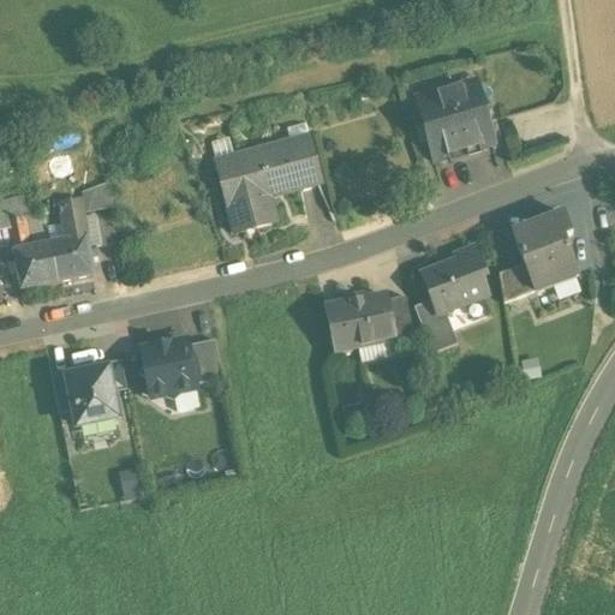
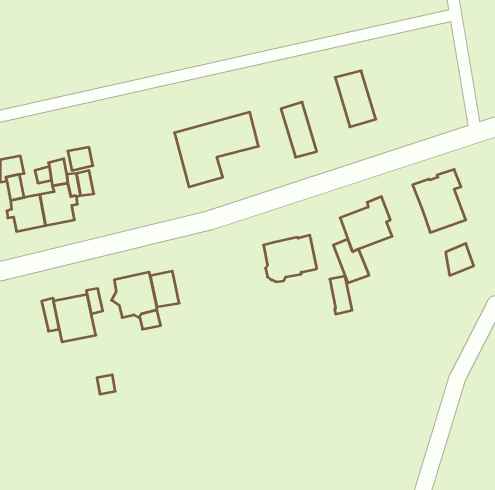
building: [448,79,492,148] -> [281,102,317,157]
building: [498,261,533,300] -> [446,243,474,275]
building: [386,293,413,340] -> [330,276,352,314]

